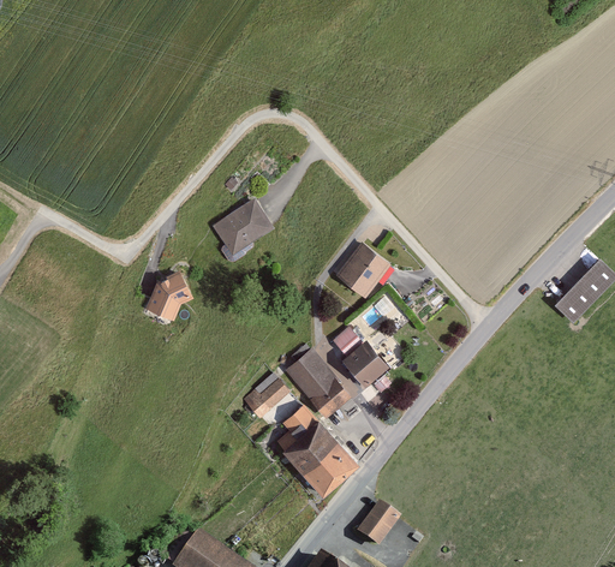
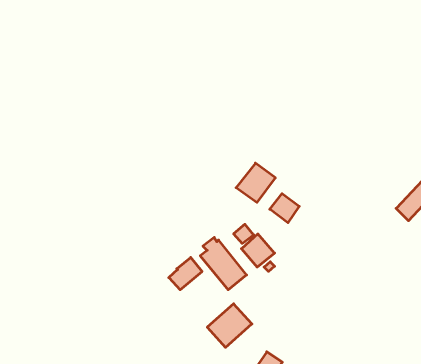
building: [214,198,274,262] -> none
building: [147,270,192,320] -> none
building: none -> [270,194,299,223]
building: [277,405,333,468] -> none

